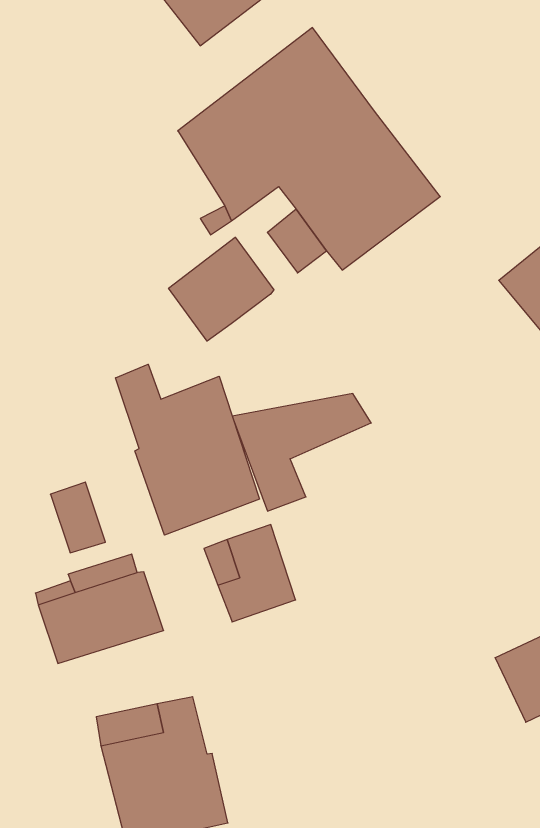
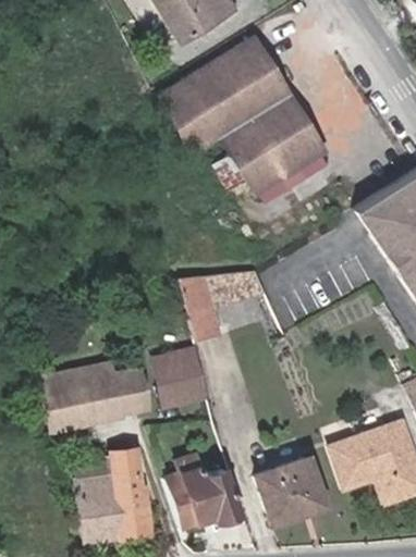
building: [169,237,274,341] -> none
building: [116,364,260,535] -> none
building: [50,482,105,553] -> [115,364,147,408]
building: none -> [258,457,326,522]
building: none -> [166,453,242,527]

